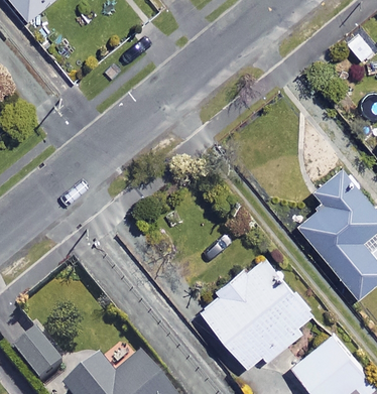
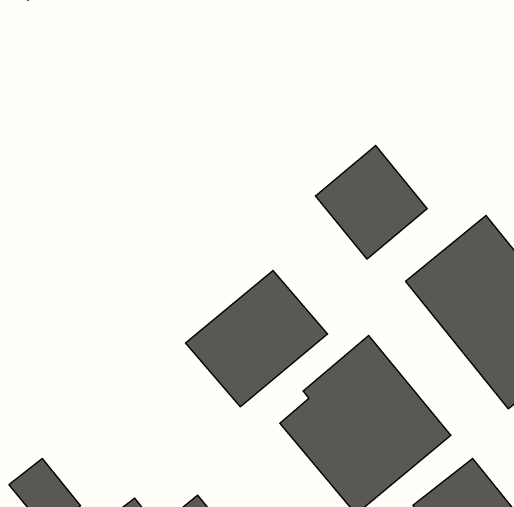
building: none -> [315,145,427,259]
building: none -> [186,270,328,407]

